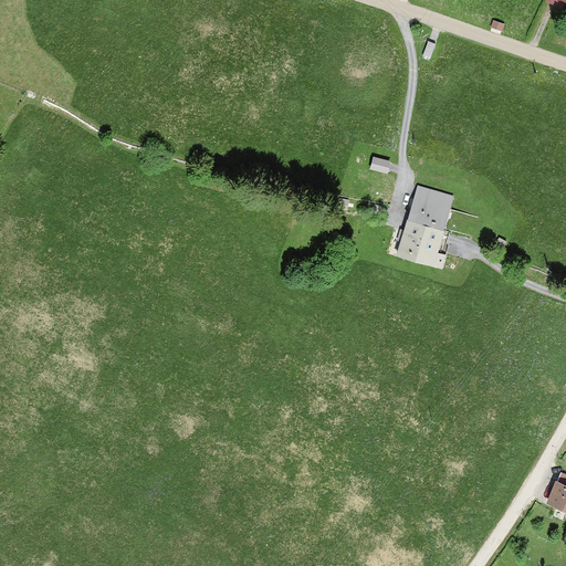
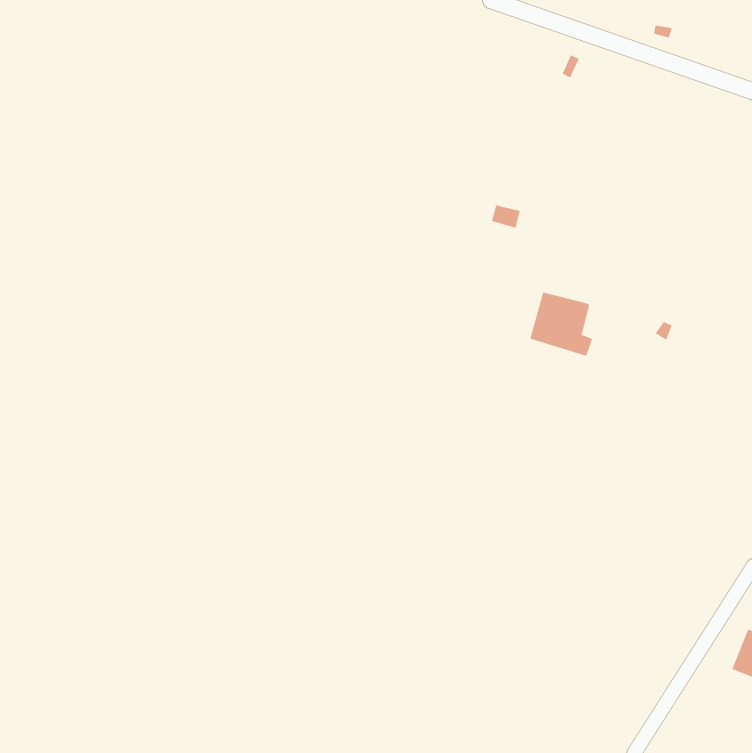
building: [408,188,451,229] -> none

